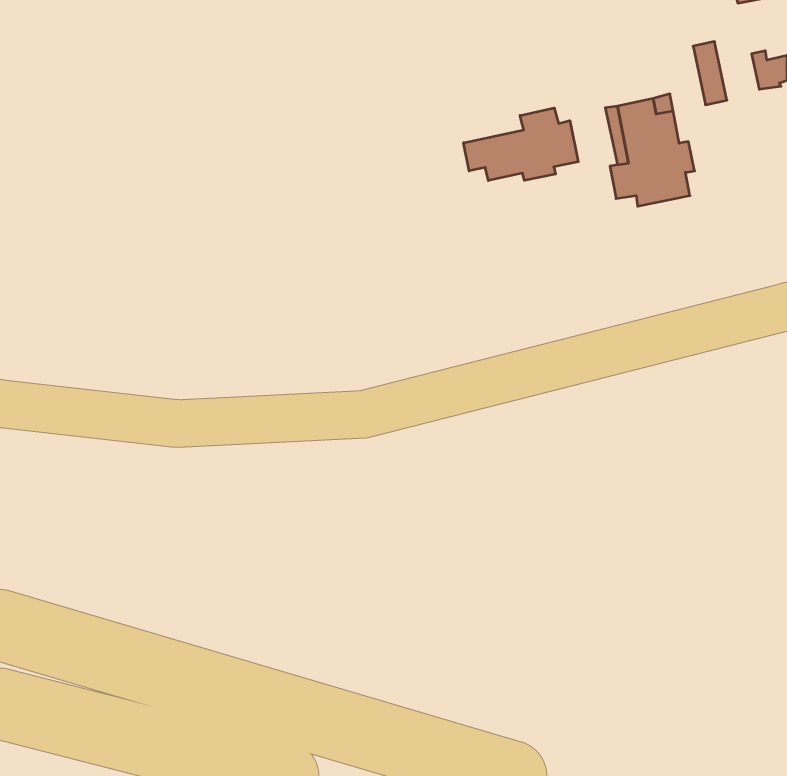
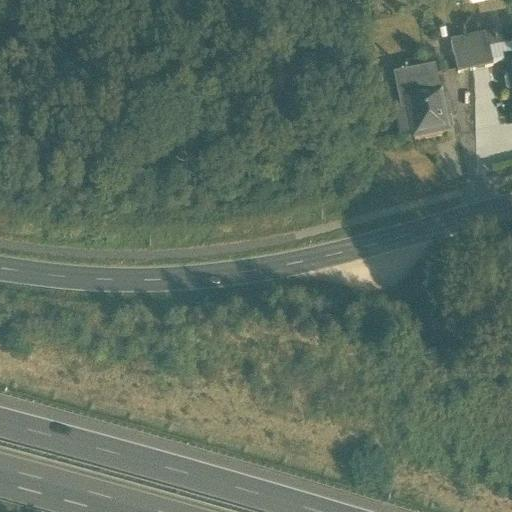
building: none -> [464,23,493,65]
building: [464,108,578,181] -> none

